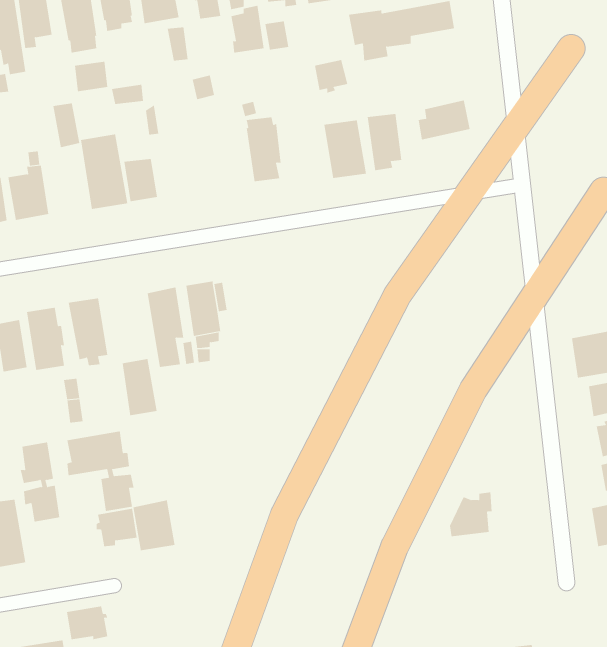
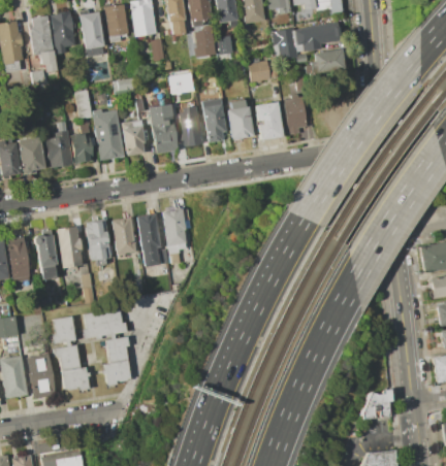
building: [418,100,471,140] -> [311,48,346,75]
building: none -> [227,99,254,139]
building: none -> [149,103,180,153]
building: none -> [181,115,204,146]
building: none -> [70,133,94,163]
building: [122,359,157,416] -> [113,218,136,256]
building: [449,492,493,537] -> [363,389,392,419]
building: [133,499,175,551] -> none
building: [66,606,108,640] -> [62,367,90,390]

